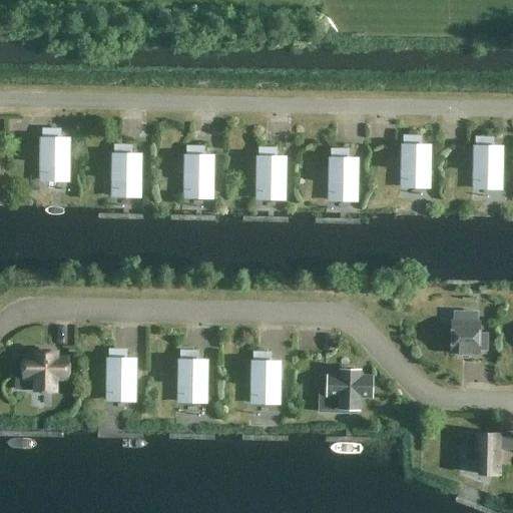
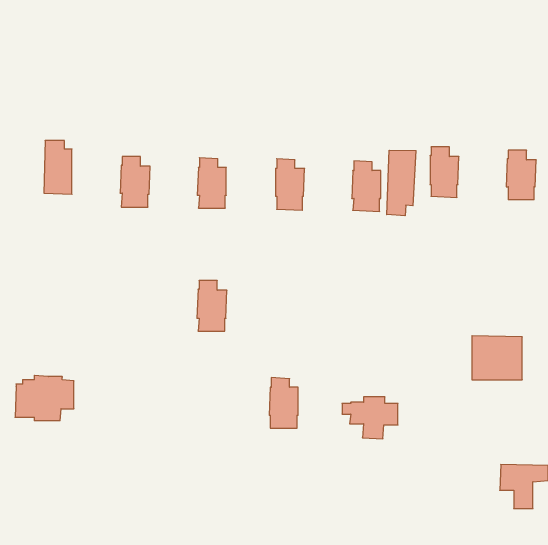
building: none -> [387,150,416,216]
building: [107,354,134,401] -> none
building: [178,355,206,402] -> [197,281,227,331]

